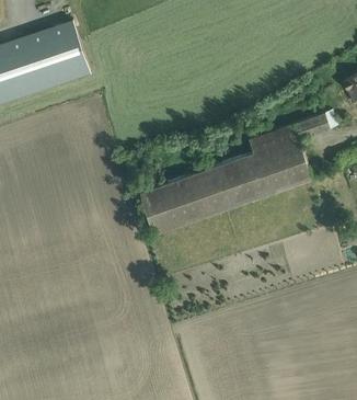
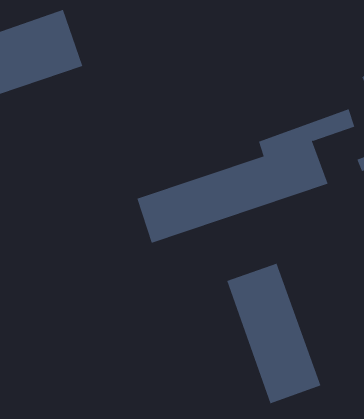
building: none -> [226,263,321,404]

